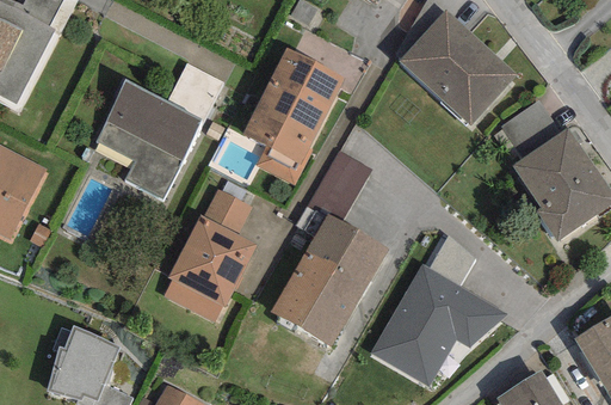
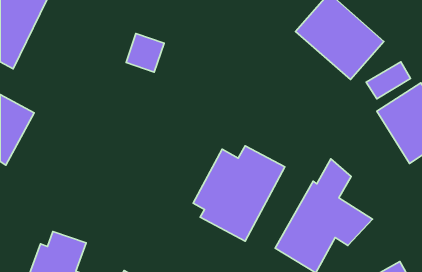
building: [243,49,342,183] -> none
building: [99,84,204,194] -> none
building: [311,149,370,220] -> none
building: [156,190,260,323] -> none

